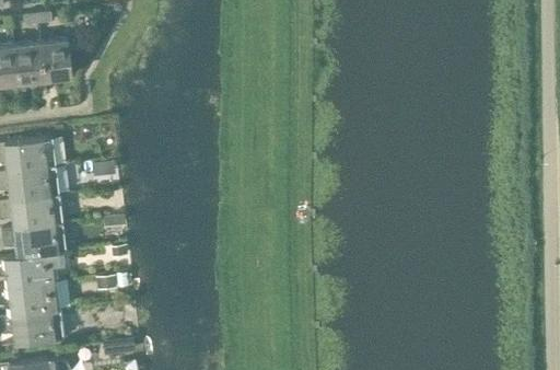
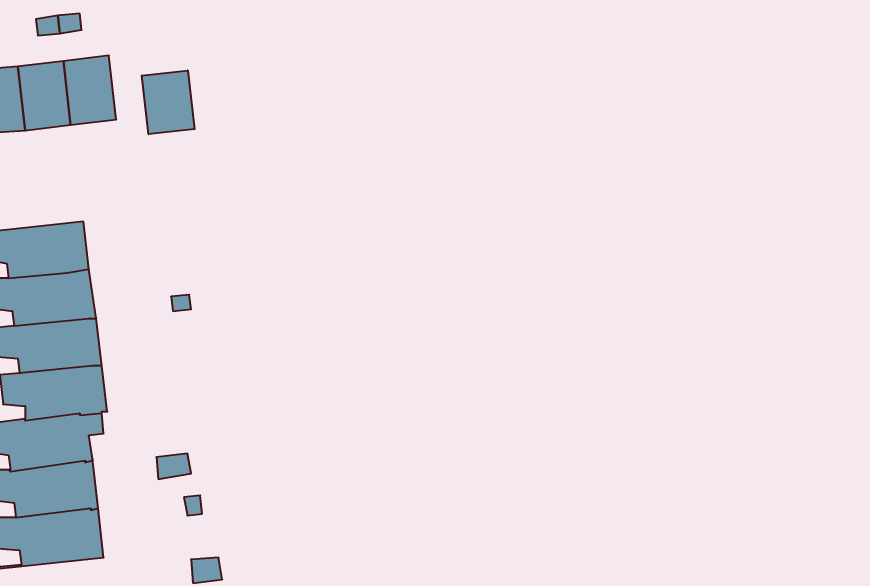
building: none -> [142,70,194,134]

